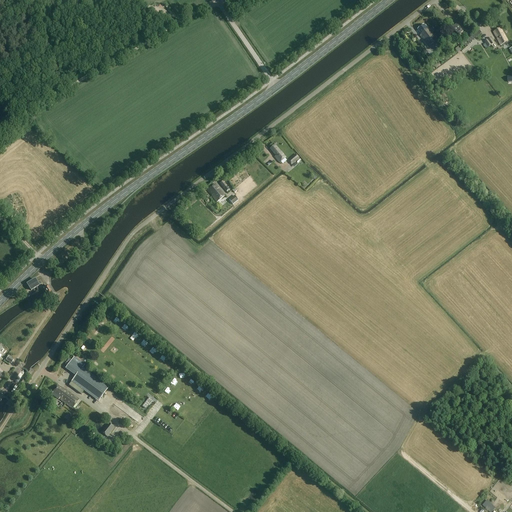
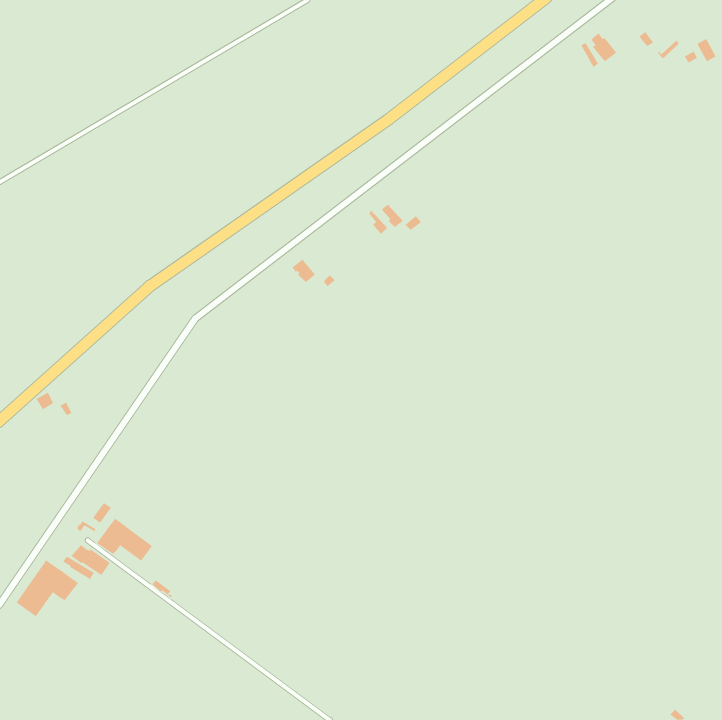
building: none -> [16,559,79,617]

